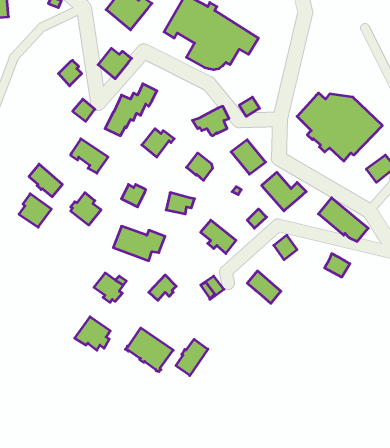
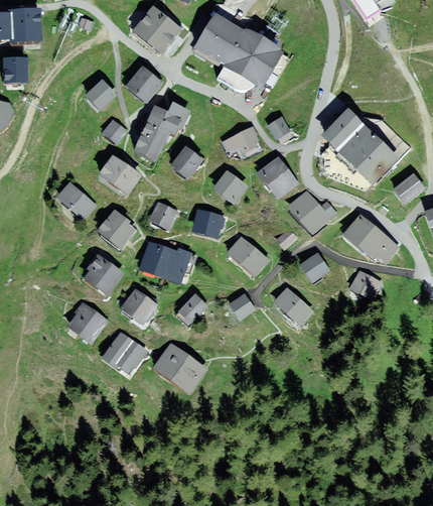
building: [19,194,51,227] -> [87,258,119,291]
building: none -> [70,305,103,340]
building: [176,339,208,376] -> none

